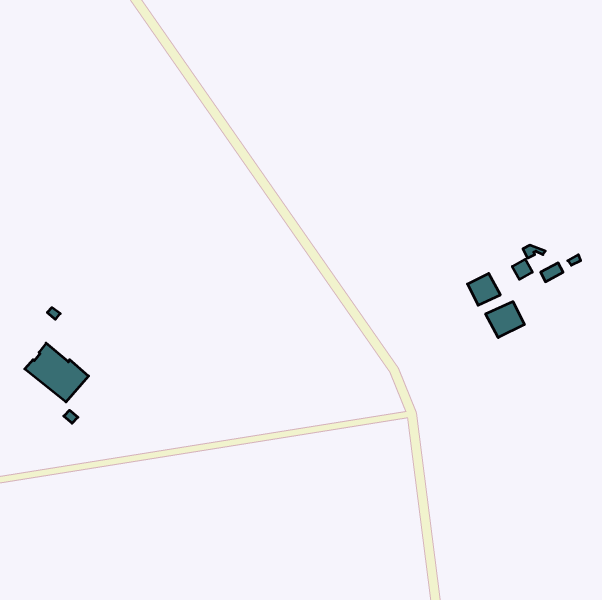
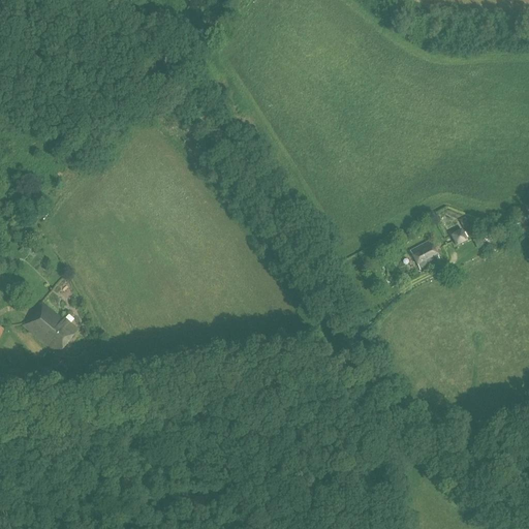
building: [486,302,524,338] -> none

